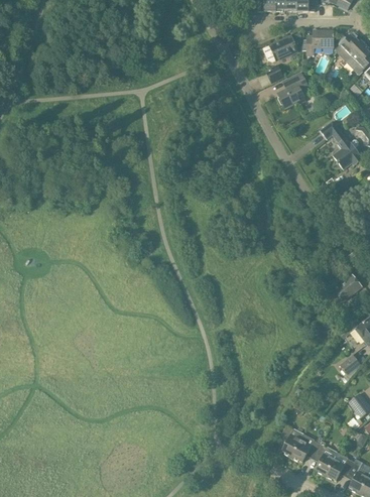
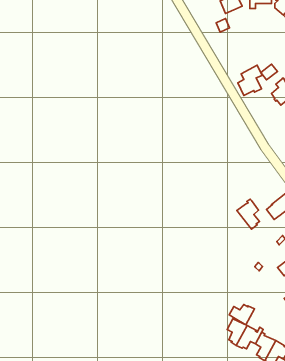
building: [277,72,306,108] -> [238,65,262,96]
building: none -> [237,199,259,229]
building: none -> [229,304,255,325]

